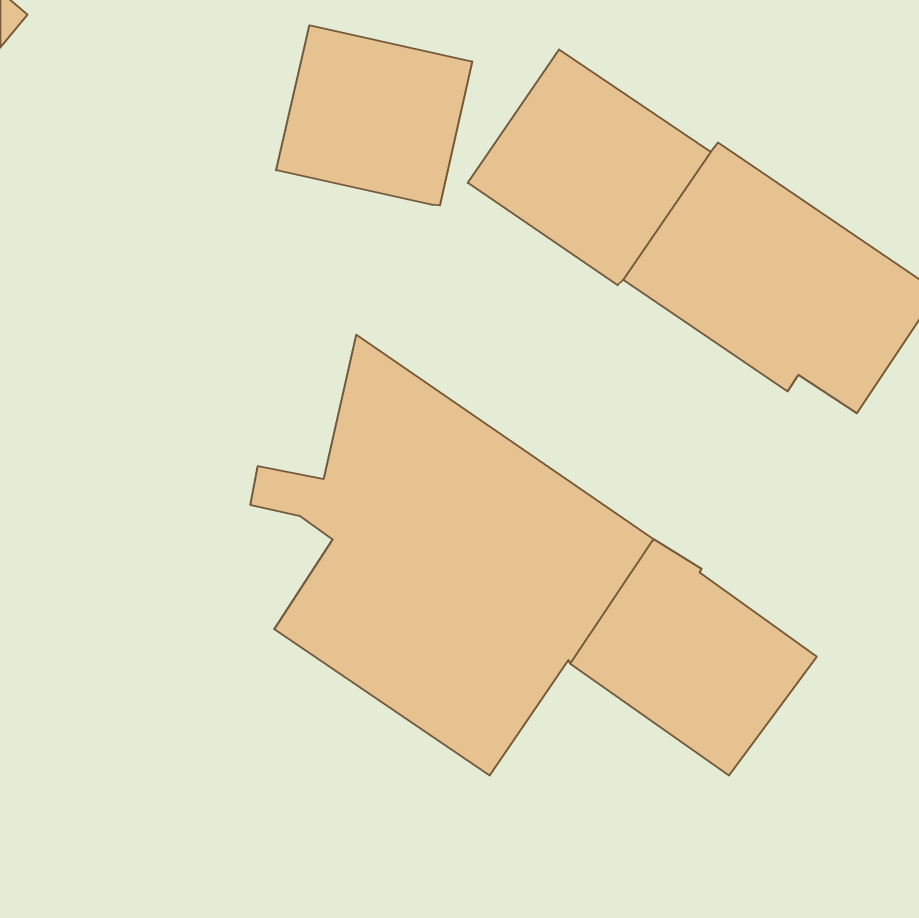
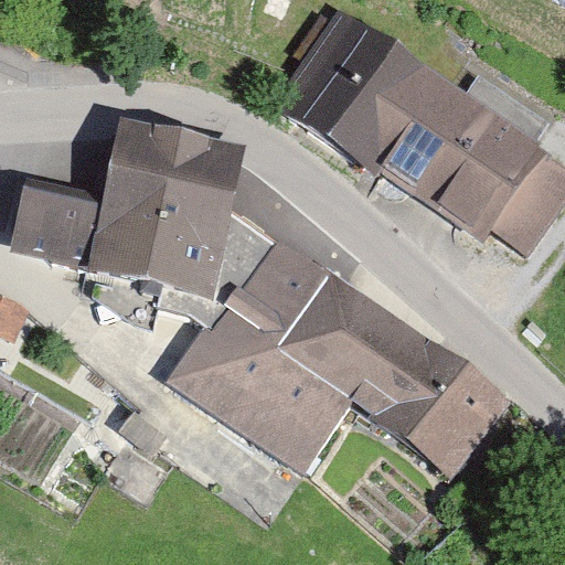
building: [276,25,472,205] -> none
building: none -> [23,130,234,289]

